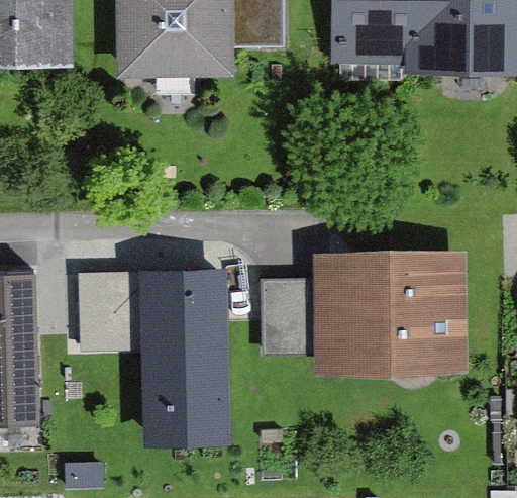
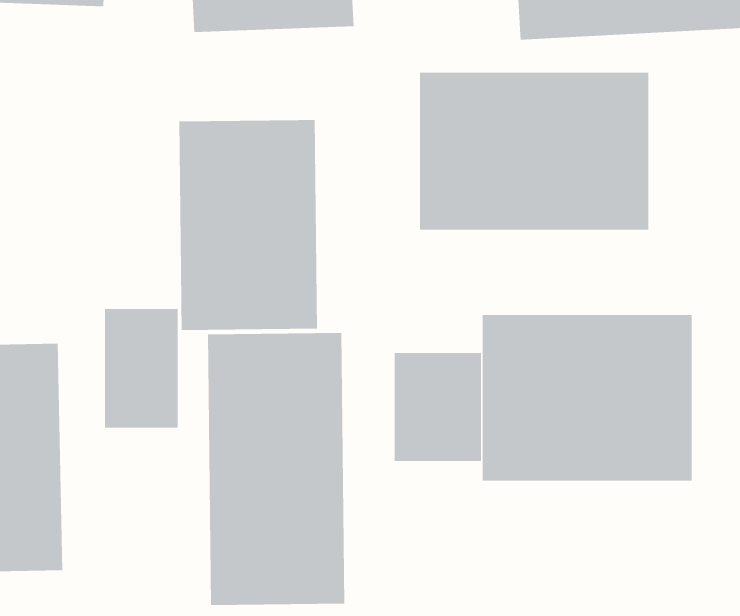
building: none -> [419,72,649,230]
building: none -> [179,119,317,331]

